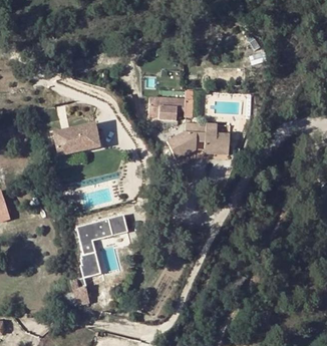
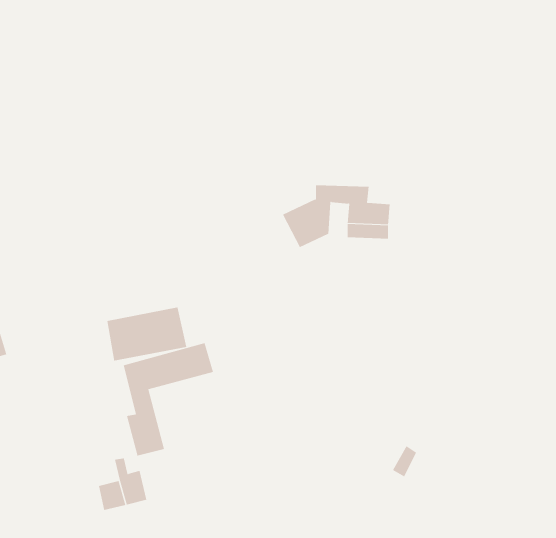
building: [150,98,178,120] -> none
building: [57,122,103,153] -> [107,307,187,361]

